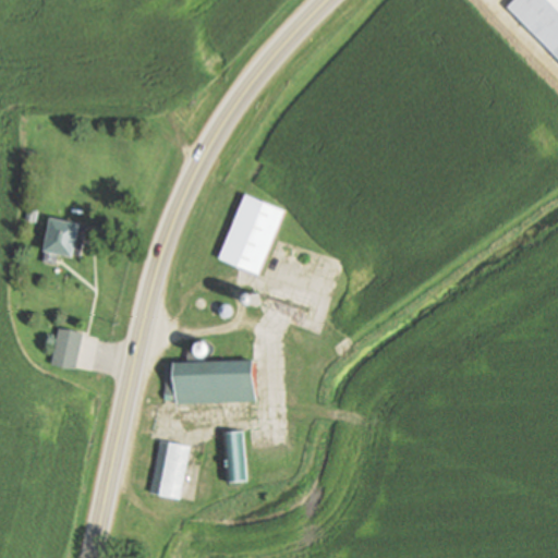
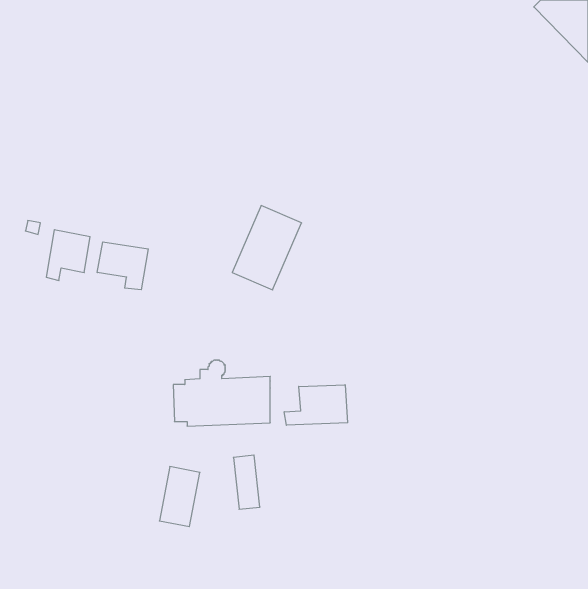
building: none -> [97,242,148,290]
building: [52,329,82,369] -> none
building: none -> [284,385,348,425]

